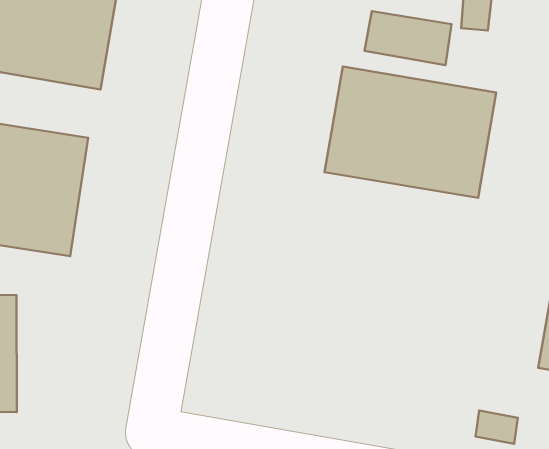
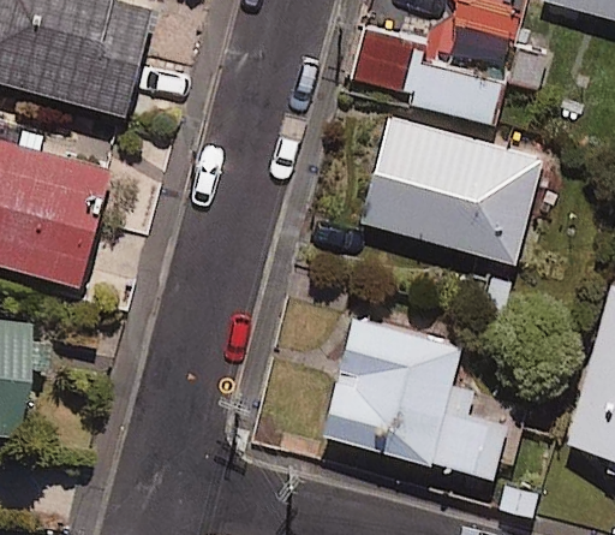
building: none -> [322,317,514,478]

